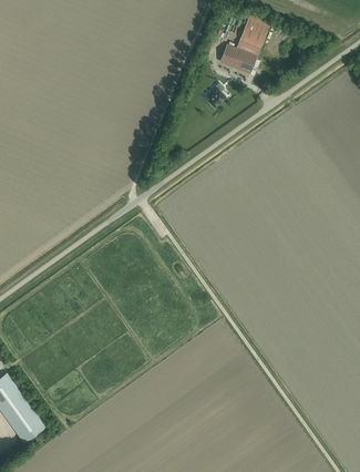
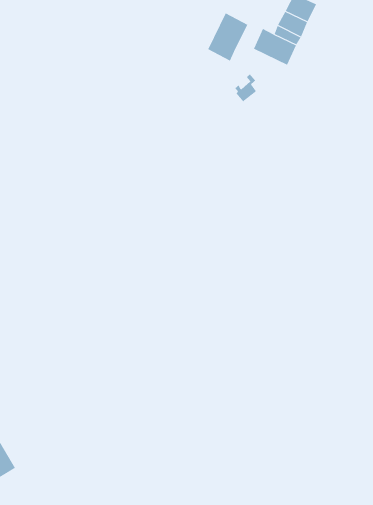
building: none -> [207,13,248,61]

